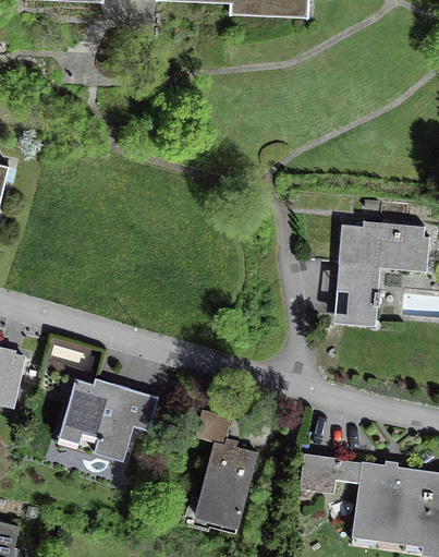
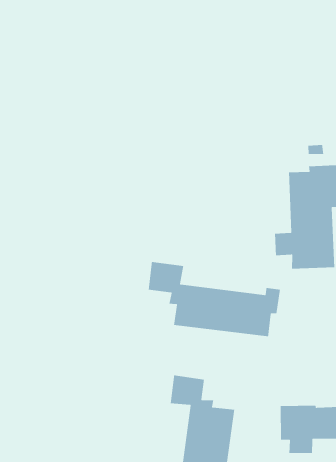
building: none -> [148,261,281,337]
building: [59,377,159,461] -> none

